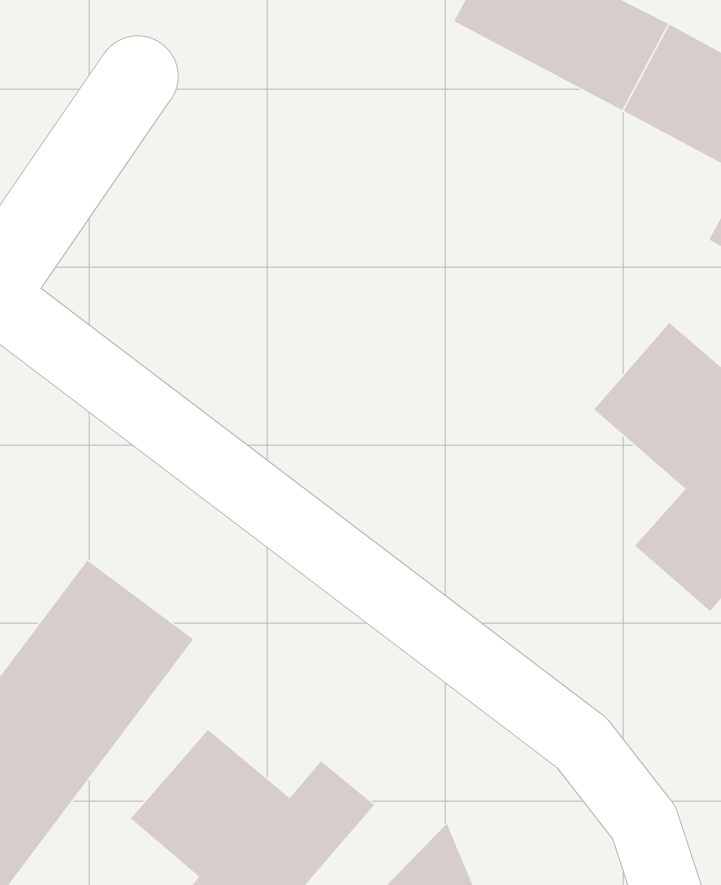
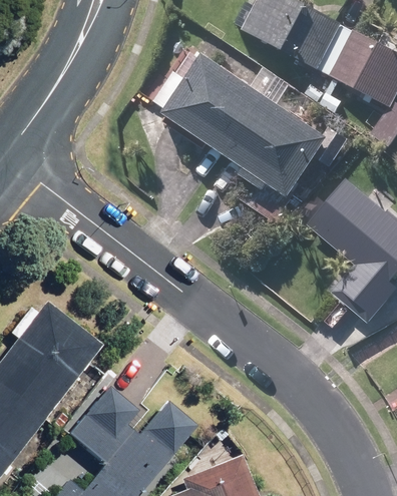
building: none -> [155,52,335,225]

